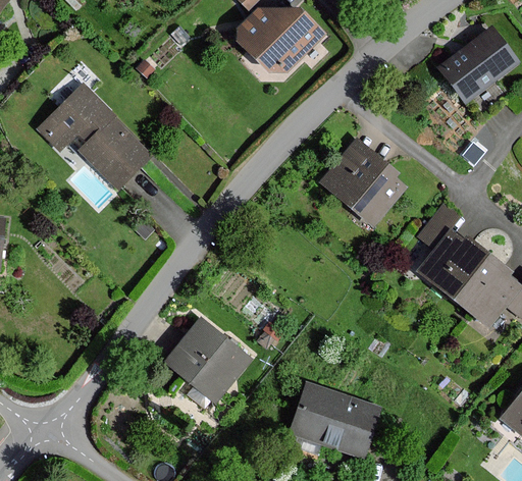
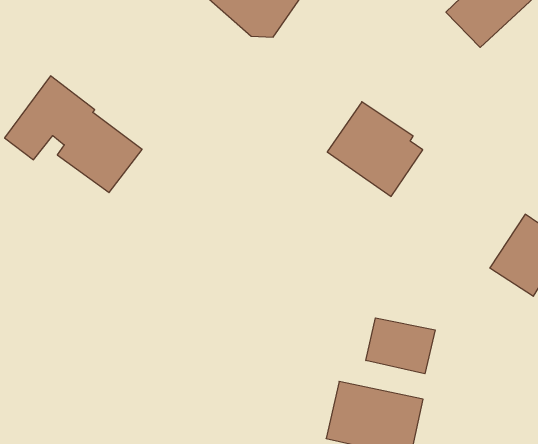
building: [415,204,487,298] -> none
building: [169,321,252,402] -> none
building: none -> [366,318,435,374]

